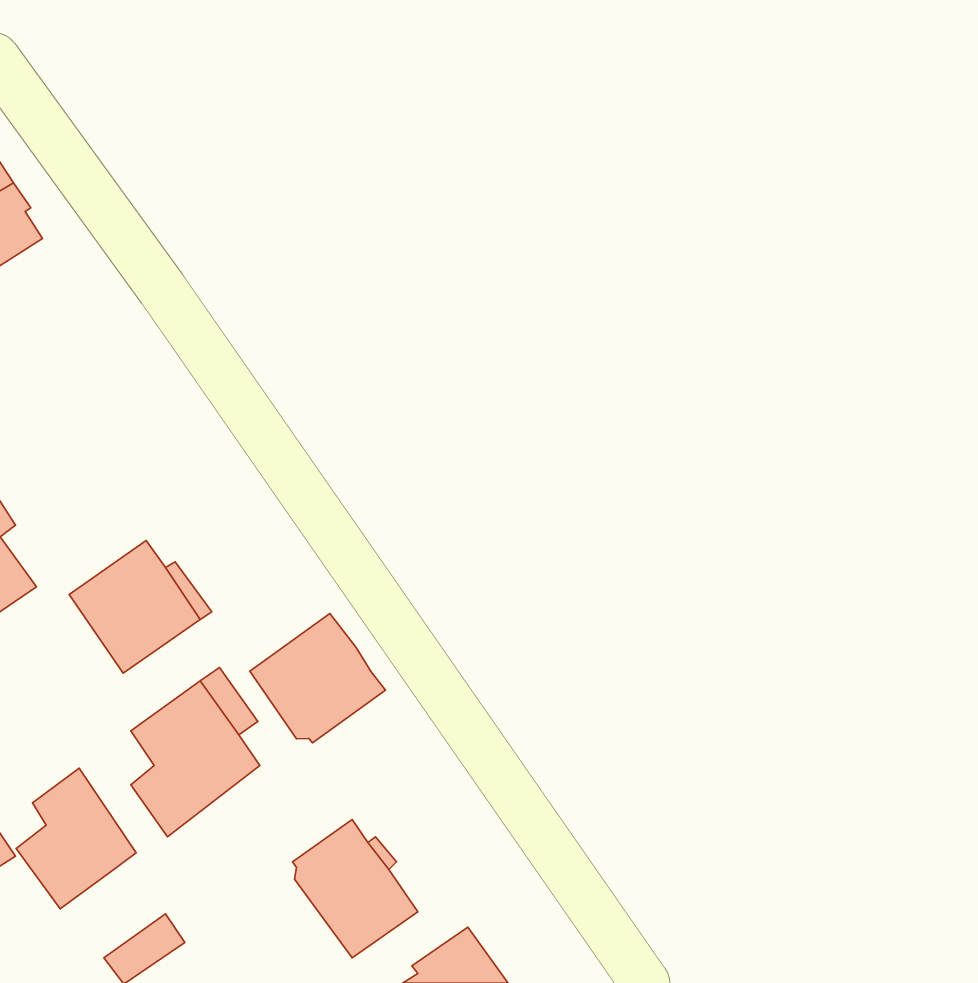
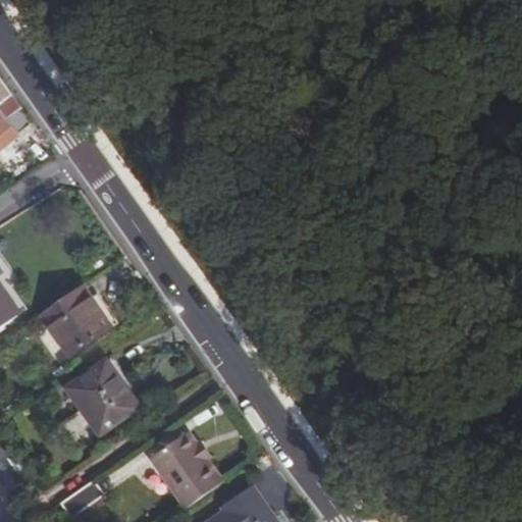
building: [250,613,386,743] -> none
building: [16,768,136,909] -> none

